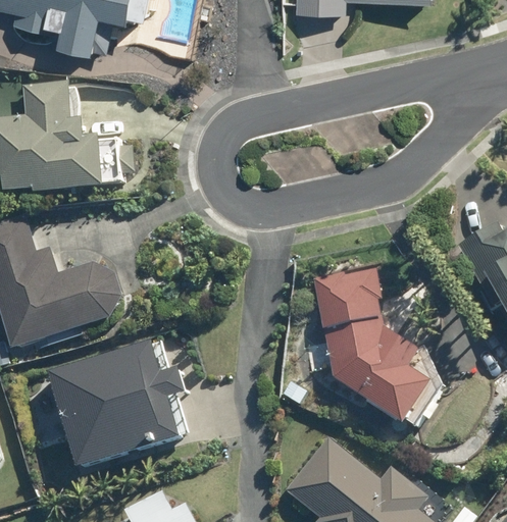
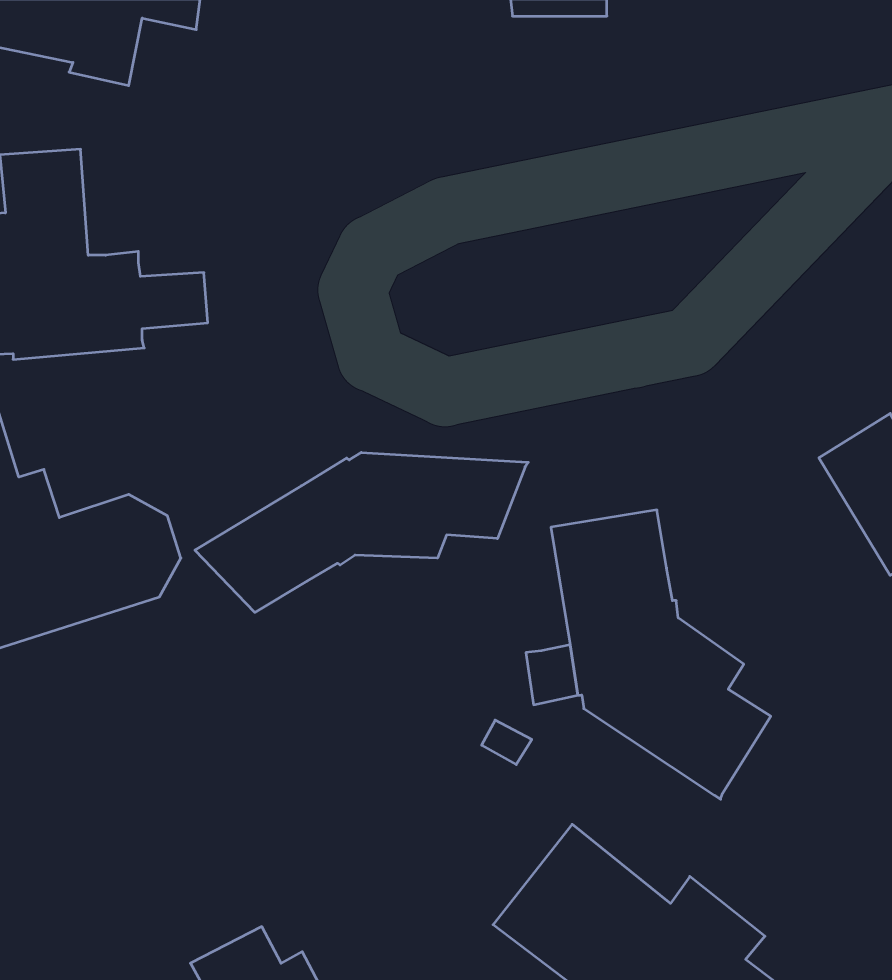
building: none -> [195,452,528,612]
building: [51,337,182,465] -> none

